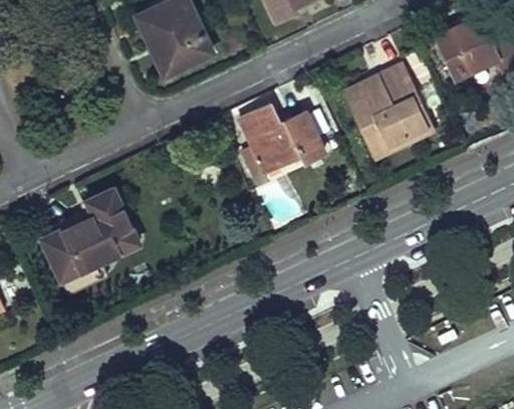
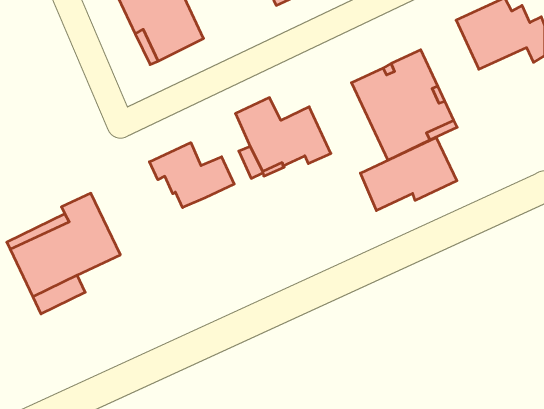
building: none -> [360,137,457,211]
building: none -> [149,143,234,208]

